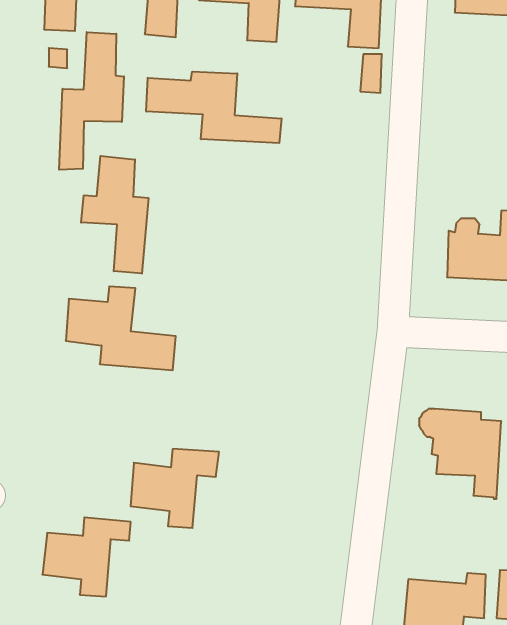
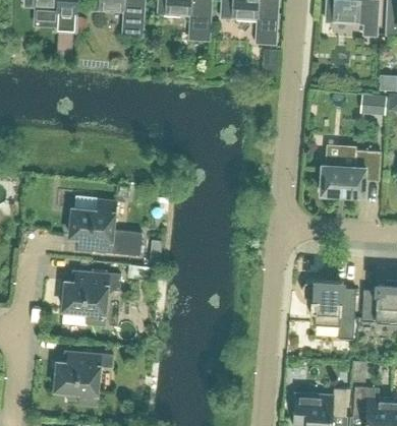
building: [59,32,124,170] -> none
building: [146,72,281,143] -> none
building: [81,156,148,274] -> none
building: [131,449,219,528] -> [63,271,121,323]

